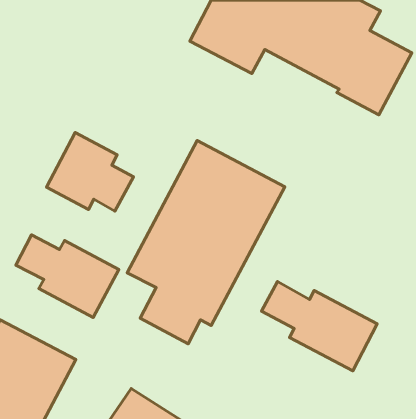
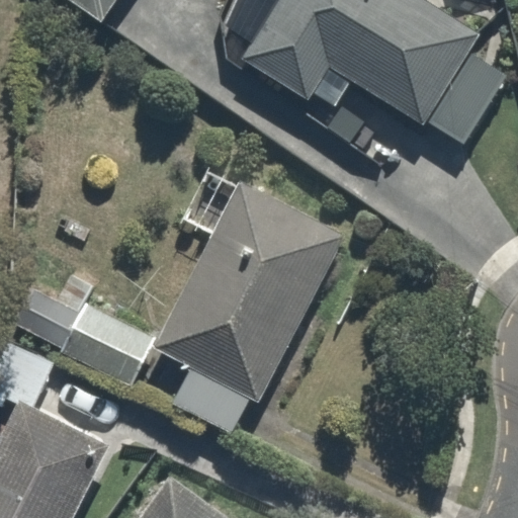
building: [46,132,134,211] -> none
building: [261,282,377,371] -> none

